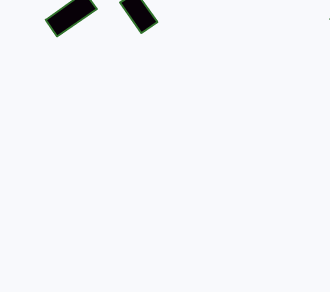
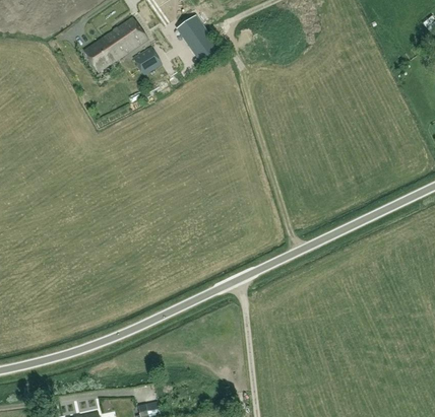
building: none -> [134,47,163,74]

